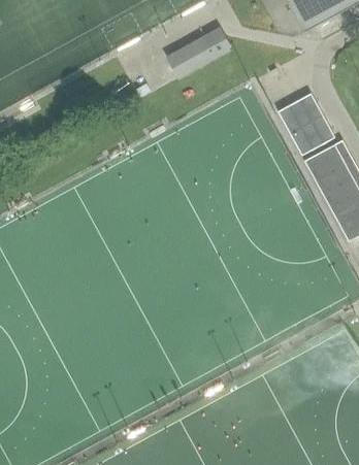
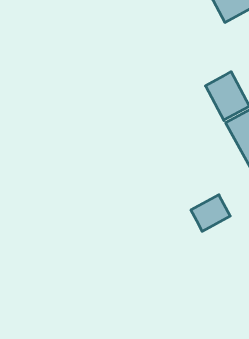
building: [166,27,231,77] -> none
building: none -> [191,195,230,231]

